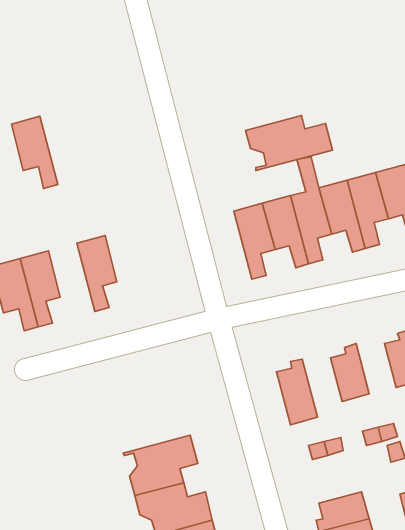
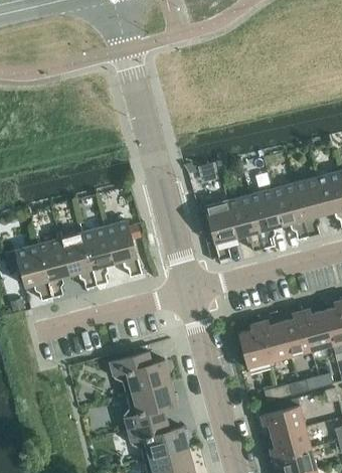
building: [246,115,332,170] -> none
building: [11,116,58,188] -> [60,231,97,288]
building: none -> [105,219,142,276]
building: none -> [301,308,332,349]
building: none -> [259,319,290,360]
building: none -> [110,351,171,396]
building: none -> [261,405,305,435]

